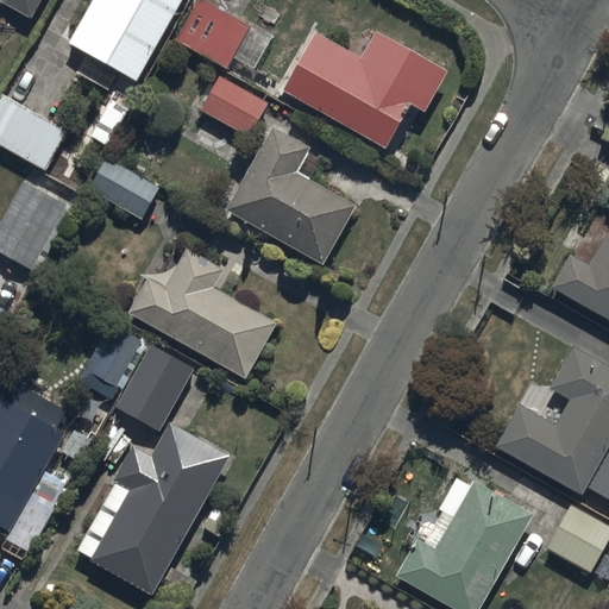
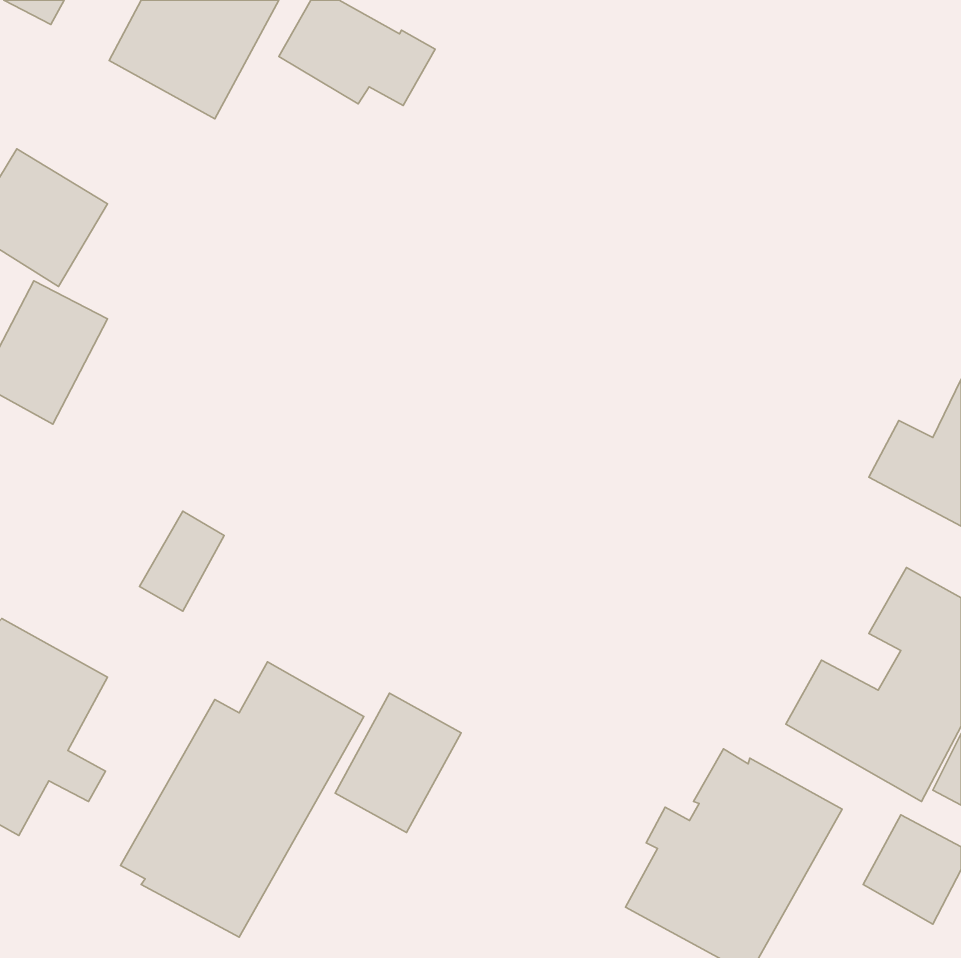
building: [283,27,450,146] -> none
building: [200,75,269,138] -> none
building: [225,124,354,262] -> none
building: [87,156,161,220] -> none
building: [124,241,280,379] -> none
building: [112,347,192,435] -> [335,693,461,833]

